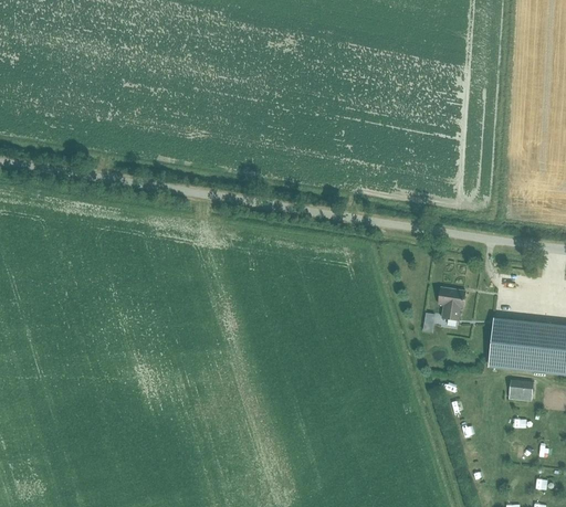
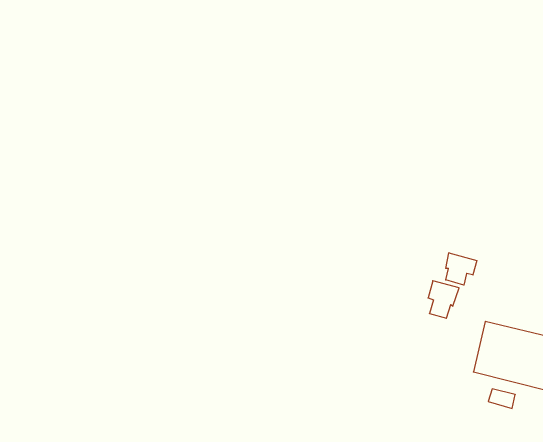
building: none -> [446,253,477,285]

